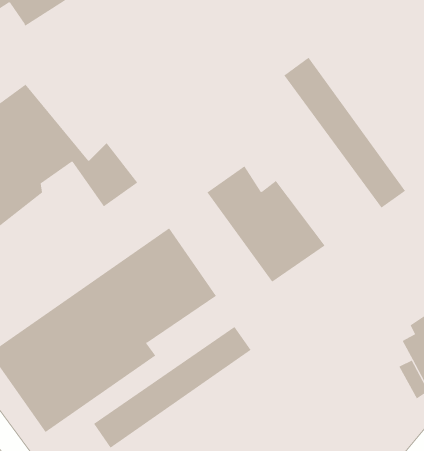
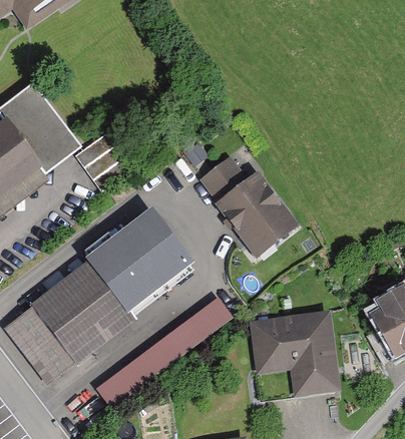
building: [284,57,406,209] -> none
building: none -> [248,310,340,393]

